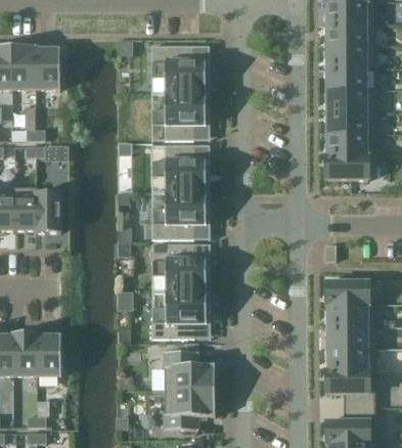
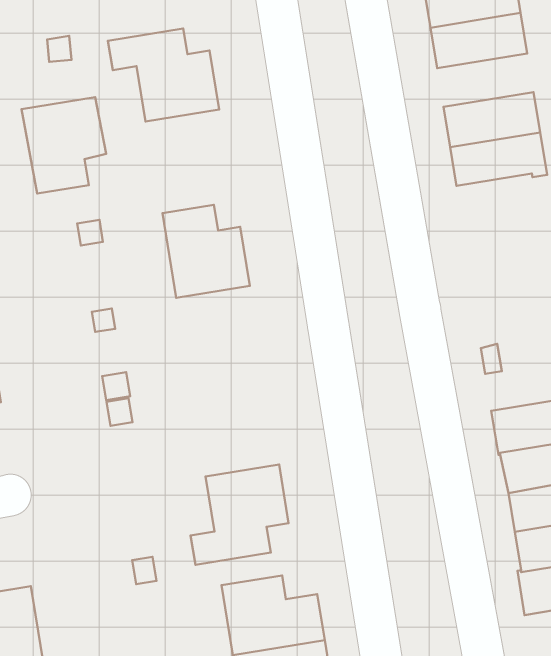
building: [325,90,375,111] -> none
building: [163,93,205,140] -> [22,97,106,194]
building: [323,154,367,179] -> none
building: [150,191,205,239] -> none
building: [150,243,205,290] -> none

